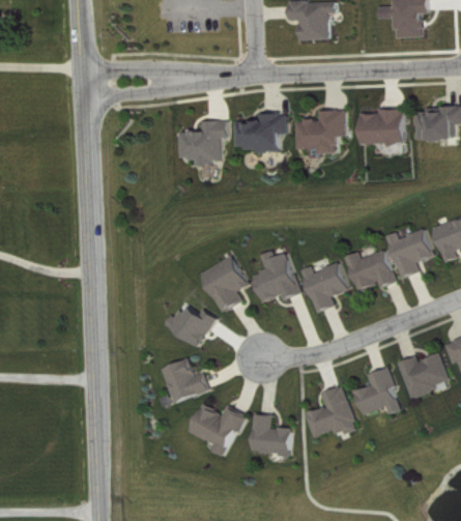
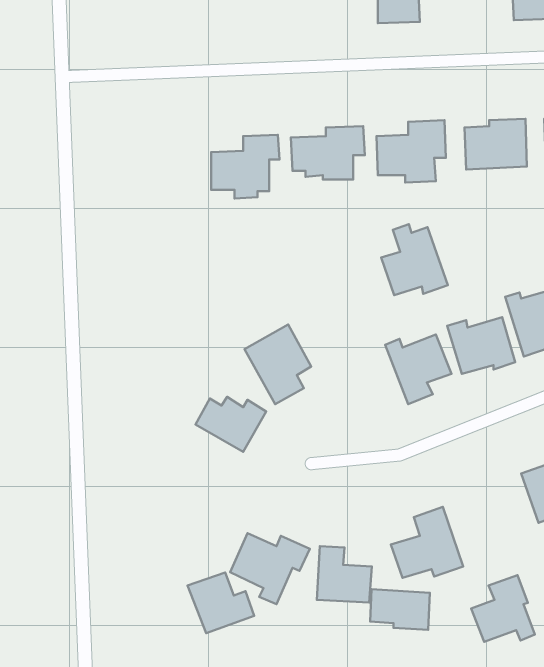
building: [252,250,299,300] -> [381,224,448,295]
building: [161,358,208,402] -> [187,572,254,633]
building: [354,367,400,414] -> [471,575,535,642]
building: none -> [370,589,430,630]

